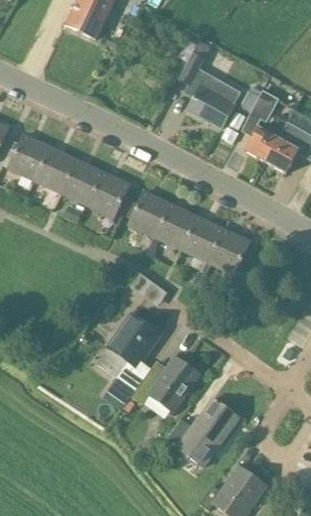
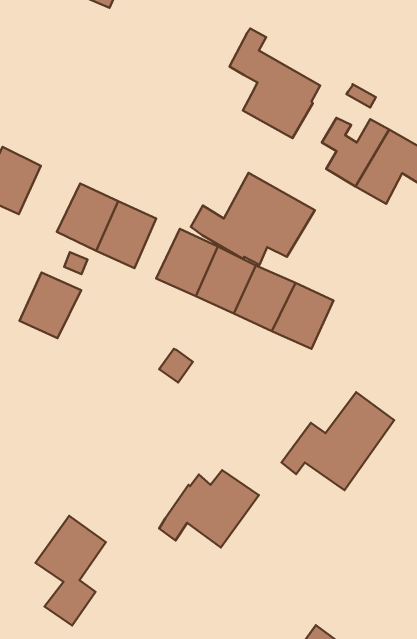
building: [33,147,75,192] -> [20,272,81,338]
building: none -> [191,173,315,265]
building: [109,314,157,390] -> [36,516,106,626]
building: [160,397,238,465] -> [282,392,394,490]

